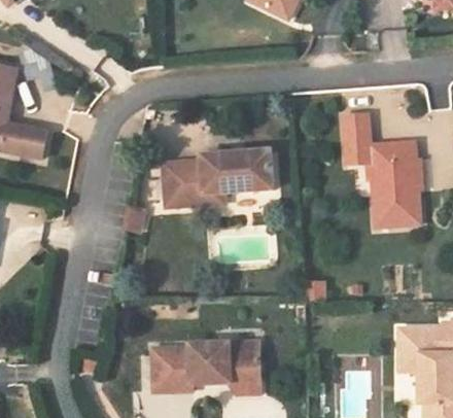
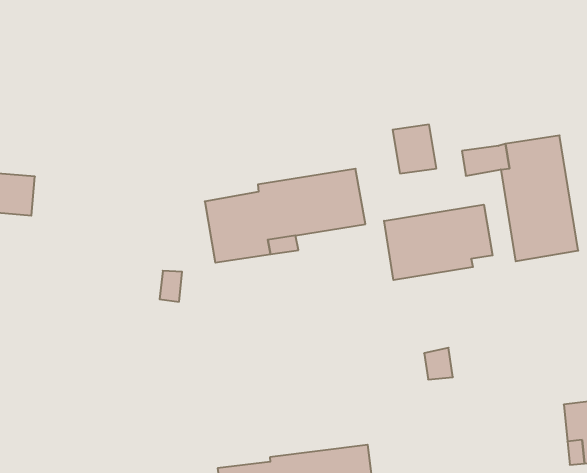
building: [342,112,370,144] -> [393,125,436,173]
building: none -> [384,205,493,280]

